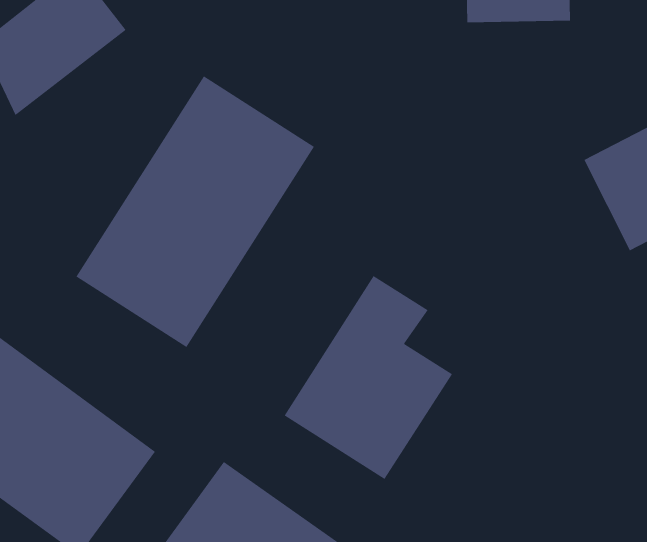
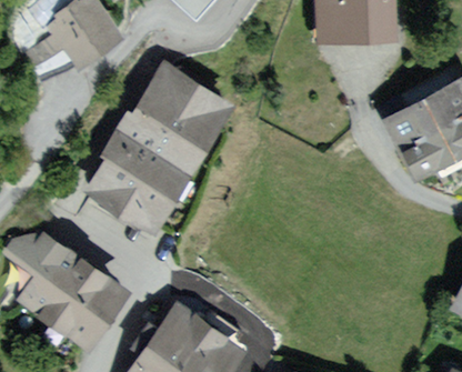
building: [284,275,453,480] -> none

